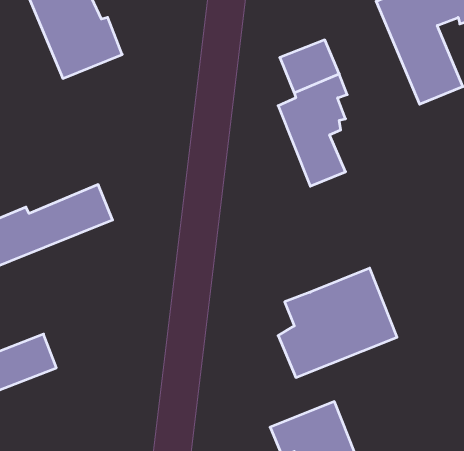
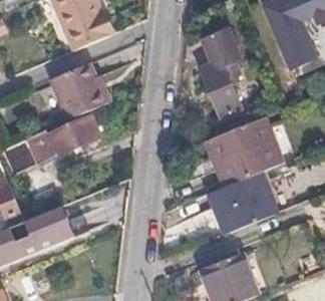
building: none -> [59,58,121,117]
building: none -> [206,117,281,185]

